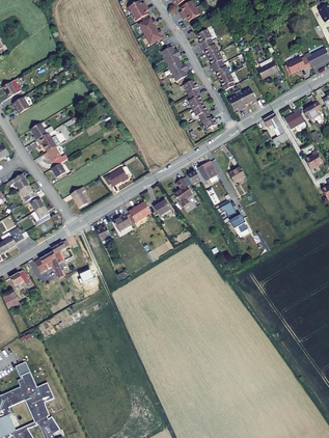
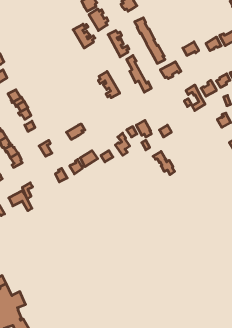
building: none -> [73,24,95,48]
building: none -> [98,71,120,98]

